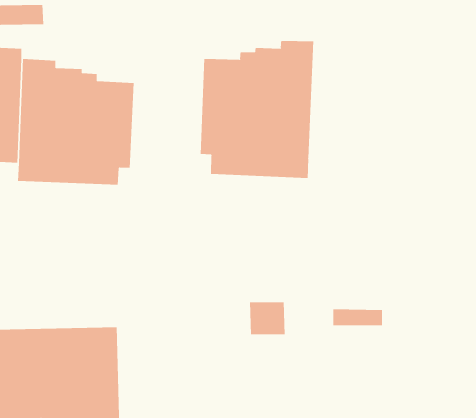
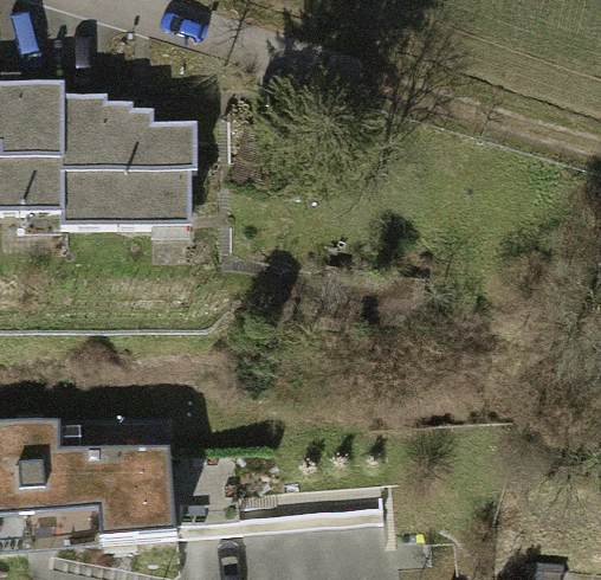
building: [200,40,314,179] -> none

